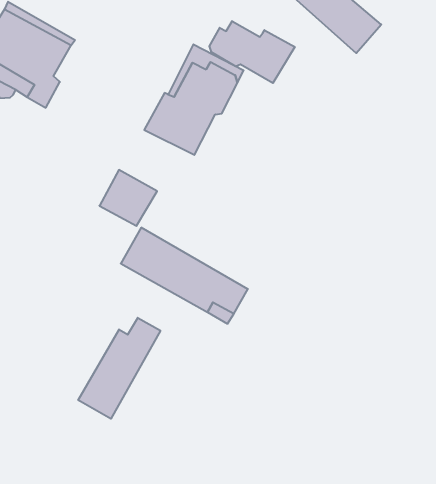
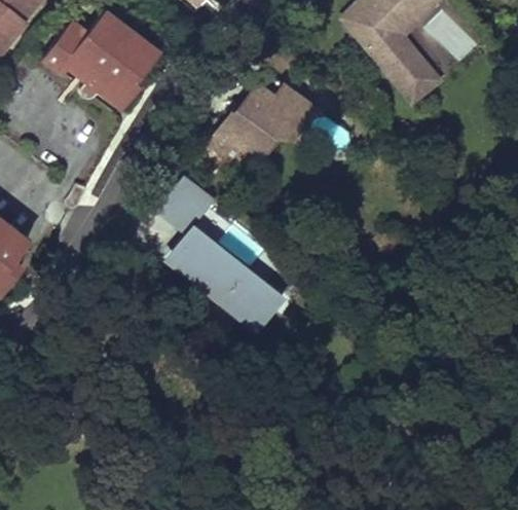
building: [209,21,295,83] -> none
building: [78,318,160,419] -> none

